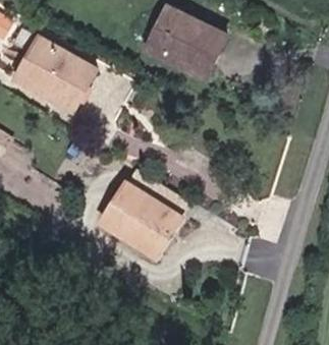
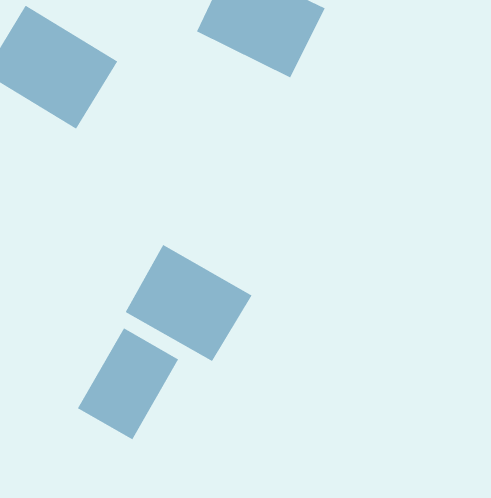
building: none -> [77,328,179,440]

